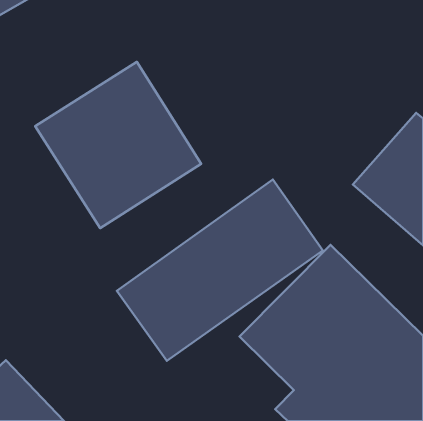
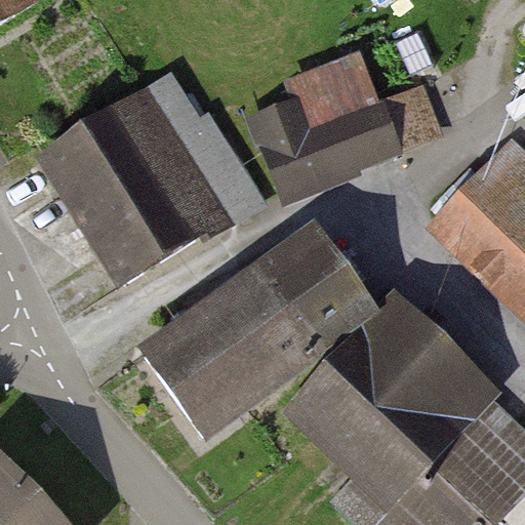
building: none -> [258,63,436,191]

